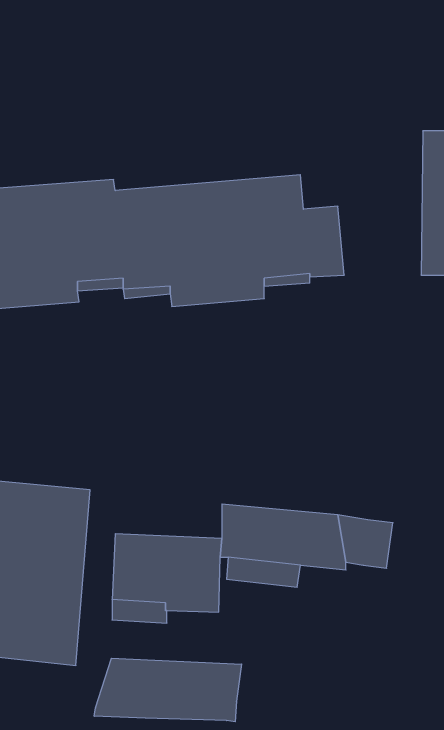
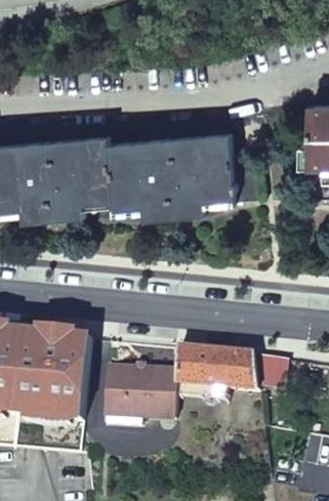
building: [94,658,242,722] -> none

